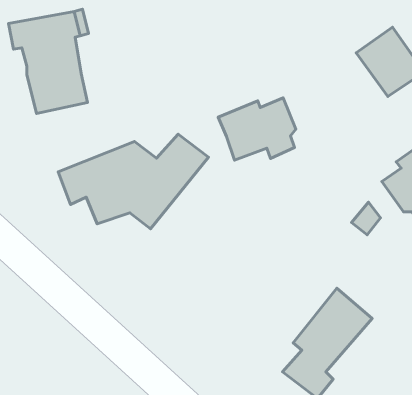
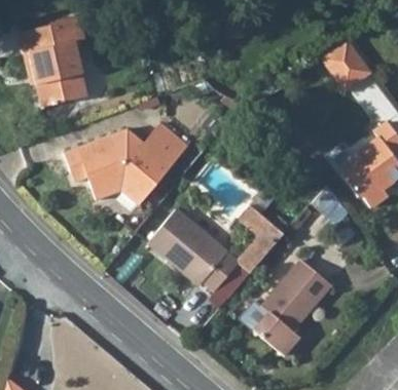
building: [218,98,296,160] -> none
building: none -> [151,206,286,293]

